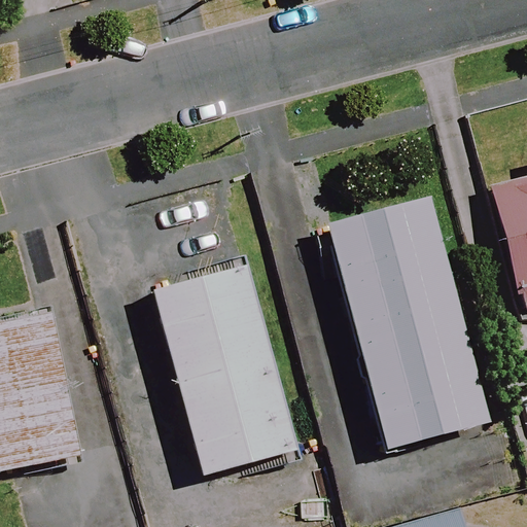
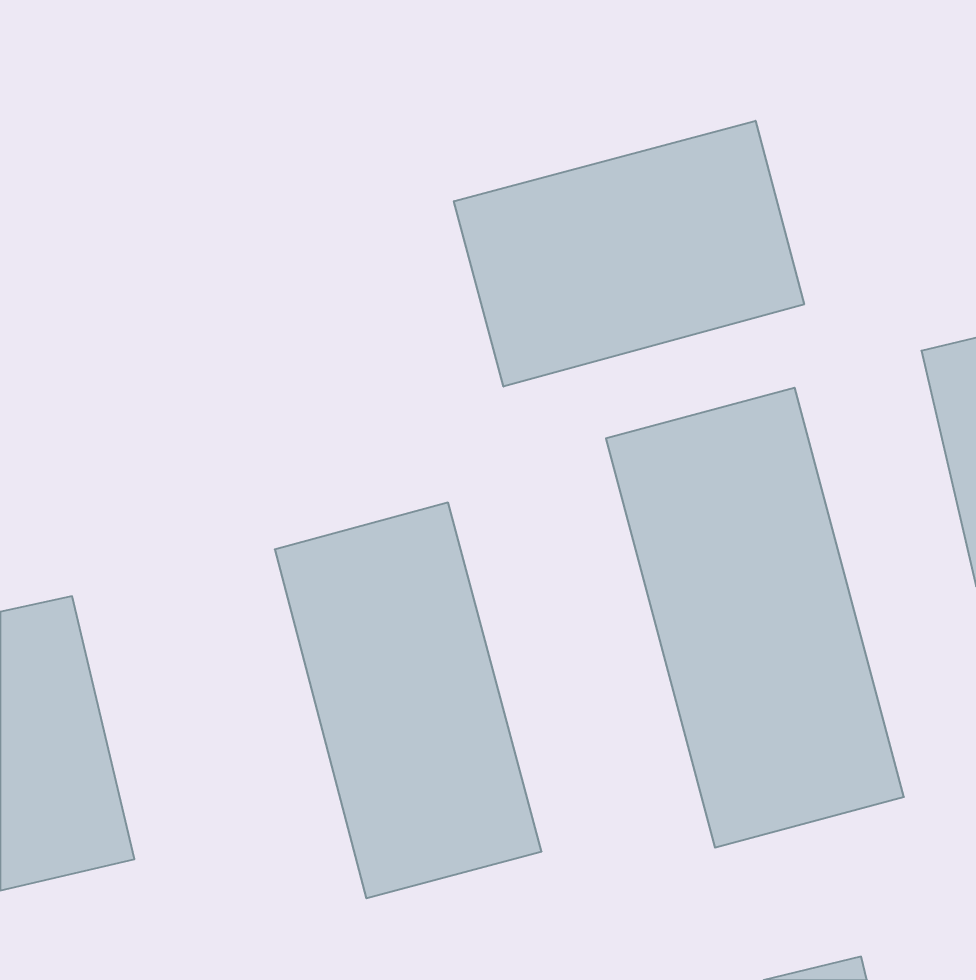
building: none -> [454,121,804,387]

